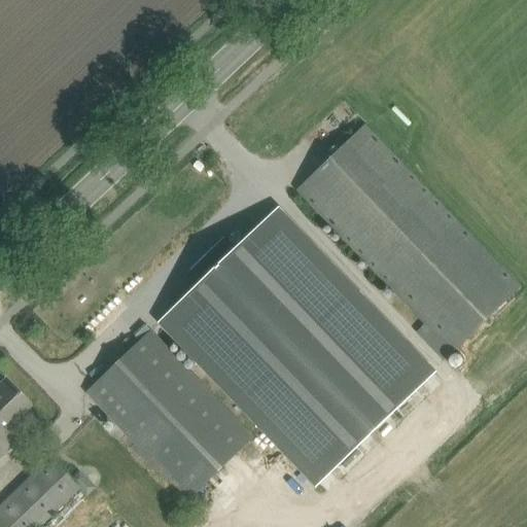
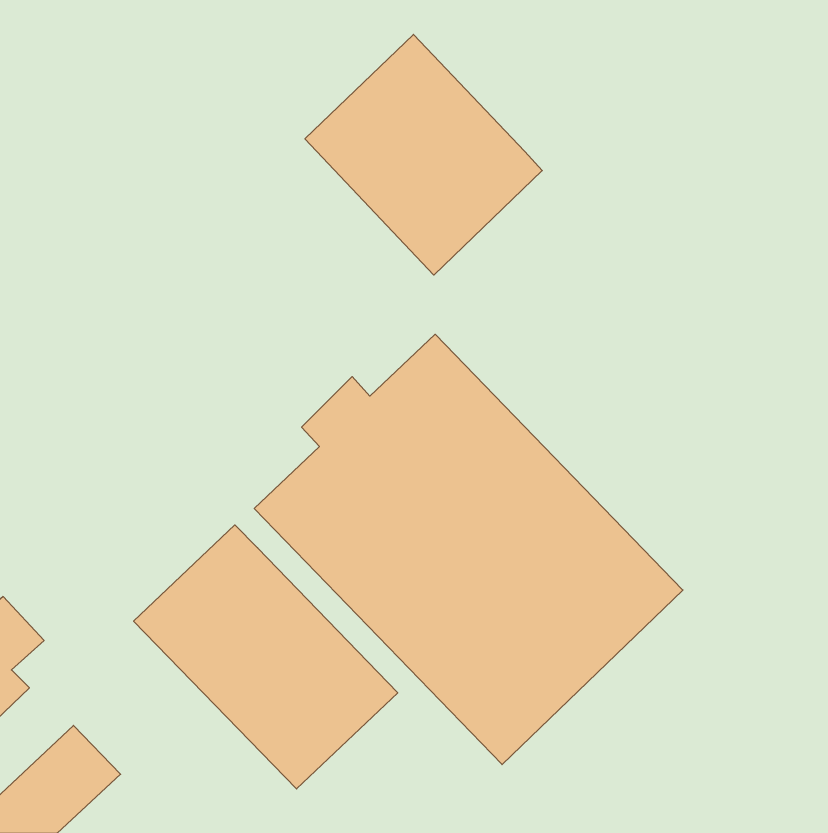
building: none -> [305,34,542,275]
building: [296,126,519,361] -> none

